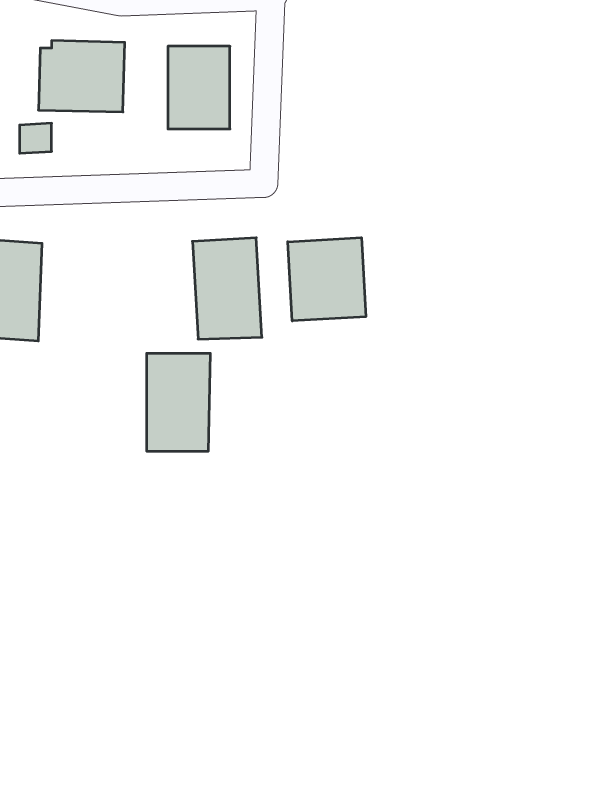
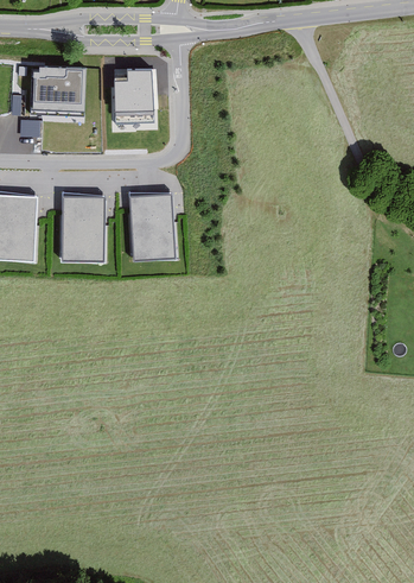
building: [288,238,366,321] -> none
building: [147,353,210,451] -> [63,196,103,258]

